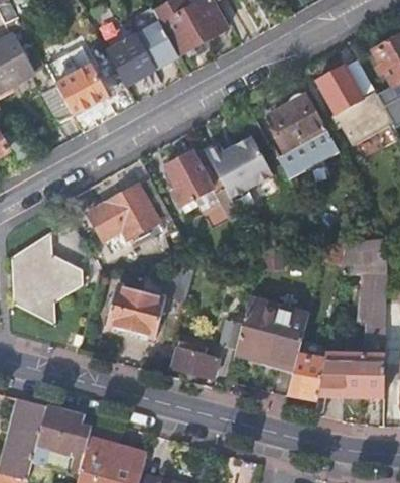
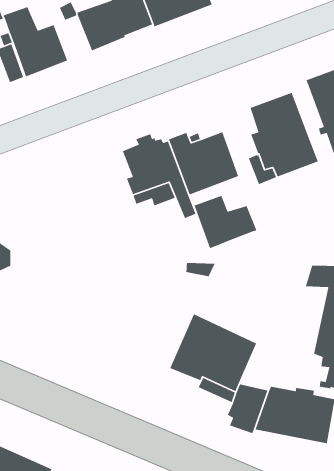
building: [88,178,170,254] -> none
building: none -> [193,195,258,249]
building: [105,285,162,337] -> none
building: [172,347,219,377] -> none

